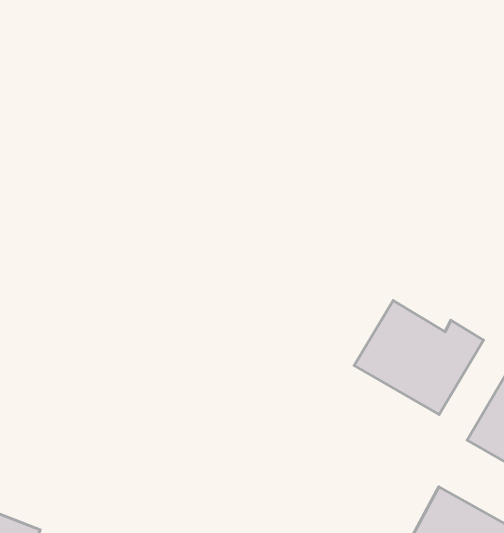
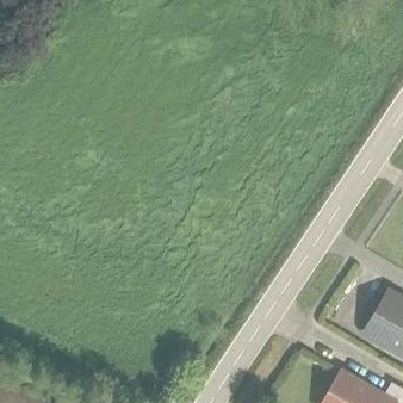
building: [354,300,483,415] -> none

